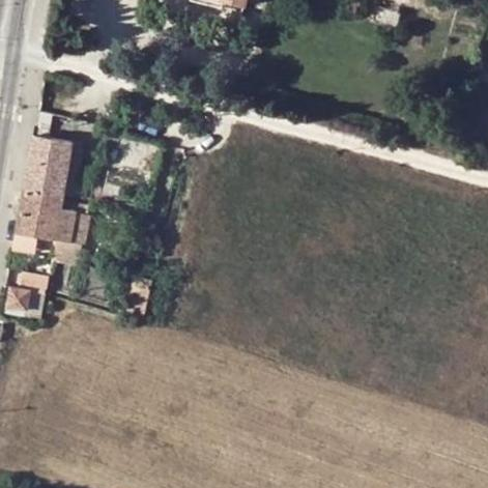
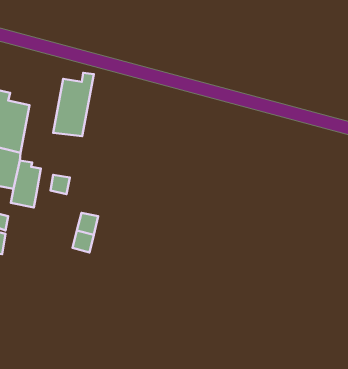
building: none -> [53,73,94,136]

